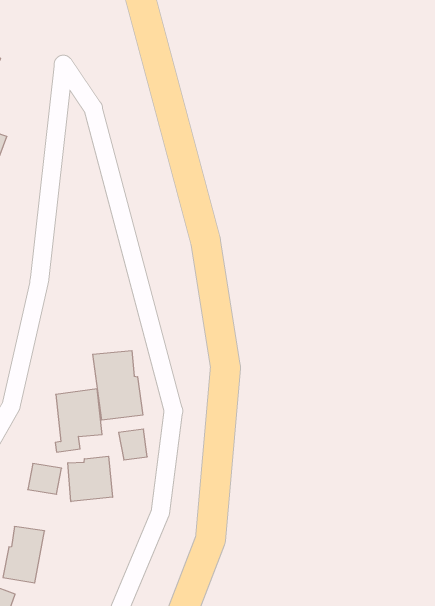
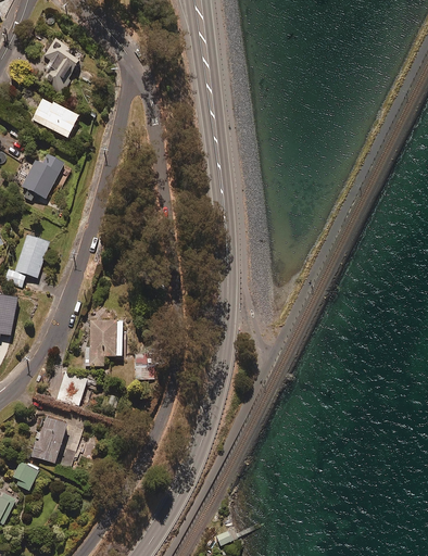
building: [93,351,143,420] -> none
building: [68,456,113,502] -> none

